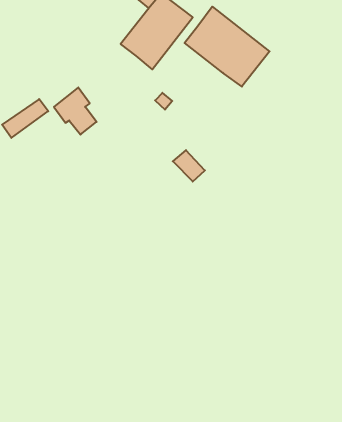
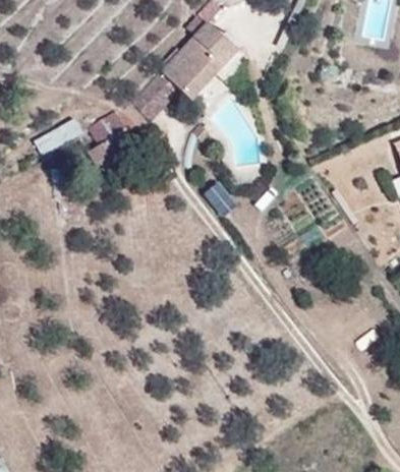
building: [185,7,270,87] -> none
building: none -> [131,69,176,119]

